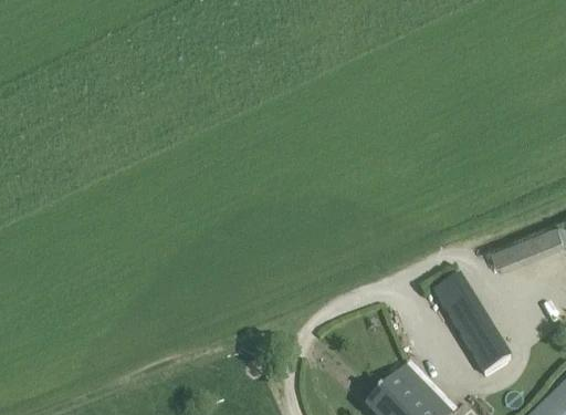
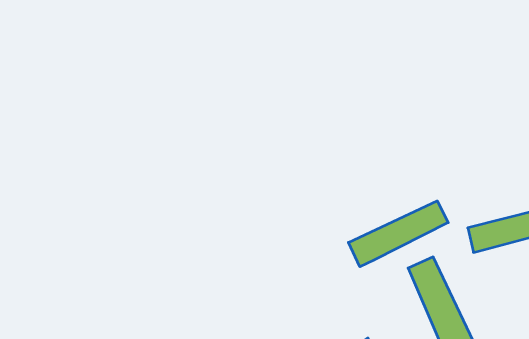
building: none -> [348,201,448,267]

